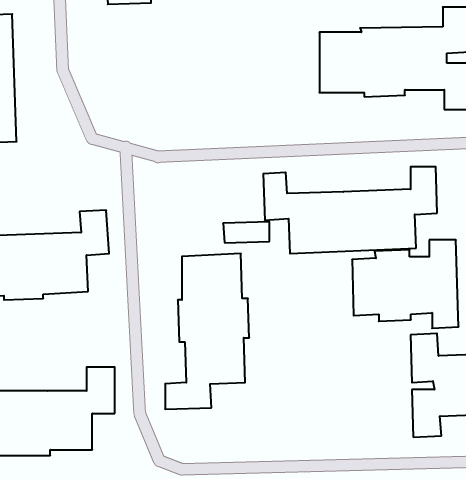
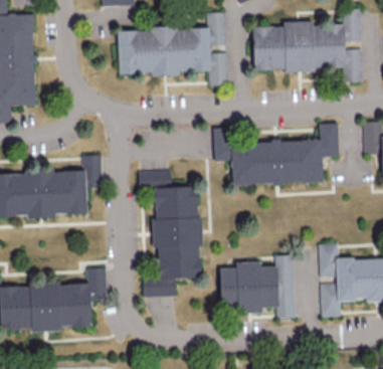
building: none -> [118,12,227,86]
building: [223,222,269,243] -> [138,171,171,186]
building: [352,240,459,328] -> [219,255,296,319]

